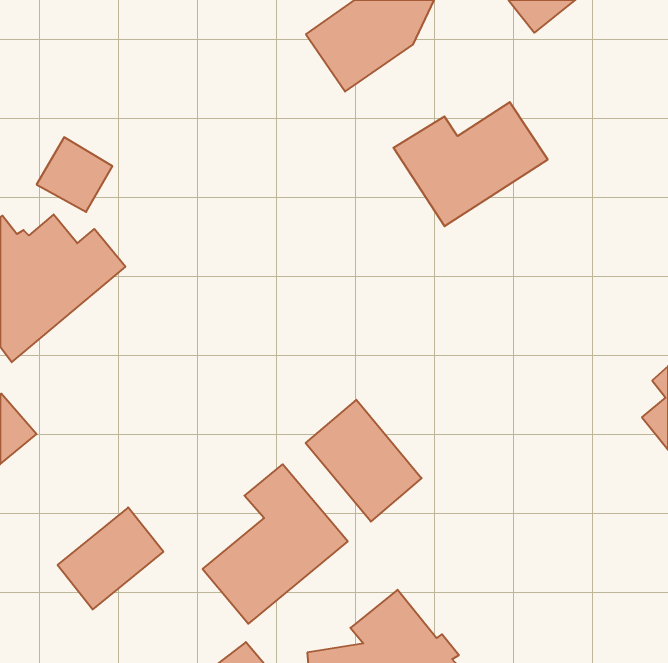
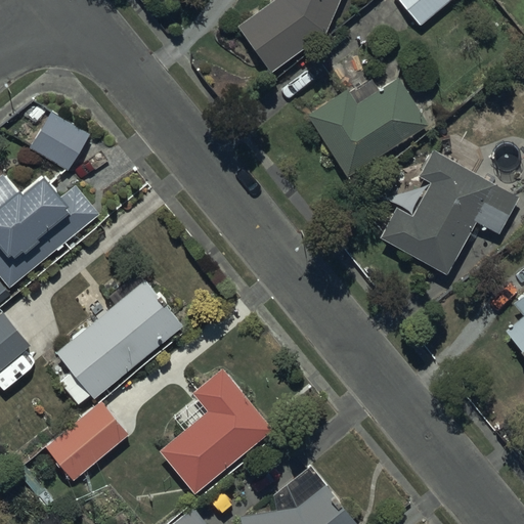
building: none -> [380,148,518,272]
building: none -> [56,278,183,403]
building: [306,400,422,522] -> none

